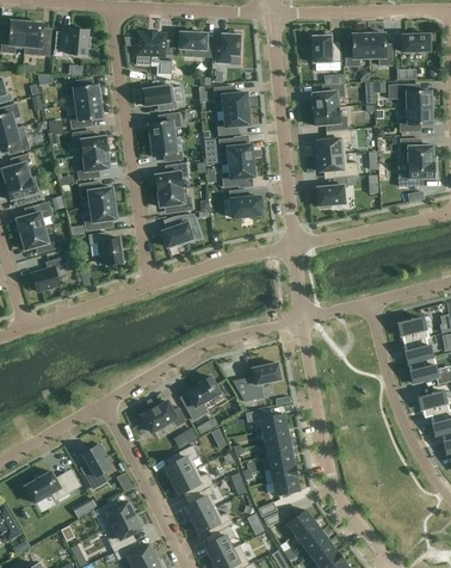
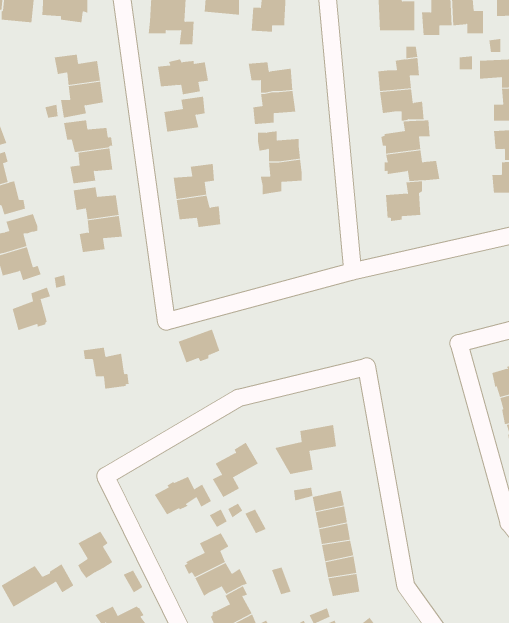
building: [150,136,183,162] -> none
building: [229,190,261,217] -> none
building: [162,221,194,247] -> [178,329,220,363]
building: [89,233,125,265] -> [83,347,130,389]

